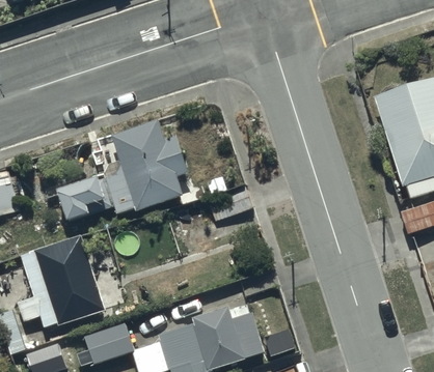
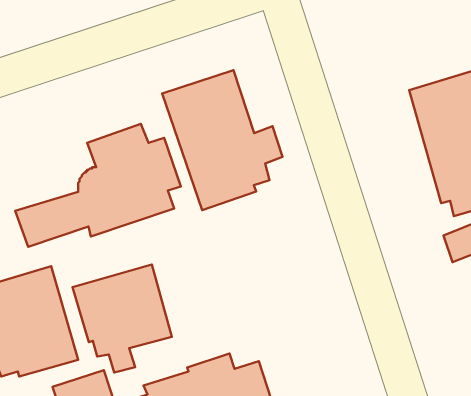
building: none -> [162,70,282,210]
building: none -> [73,265,172,372]

